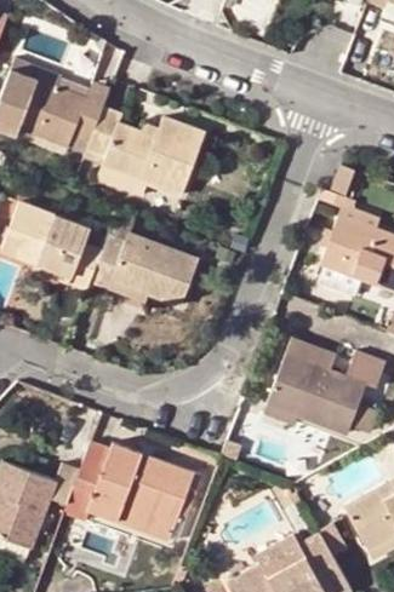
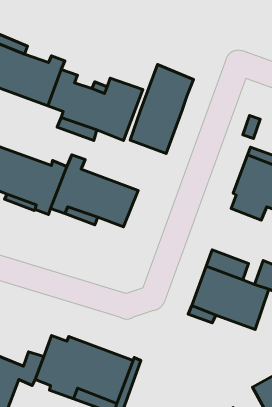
building: none -> [130,65,193,153]

